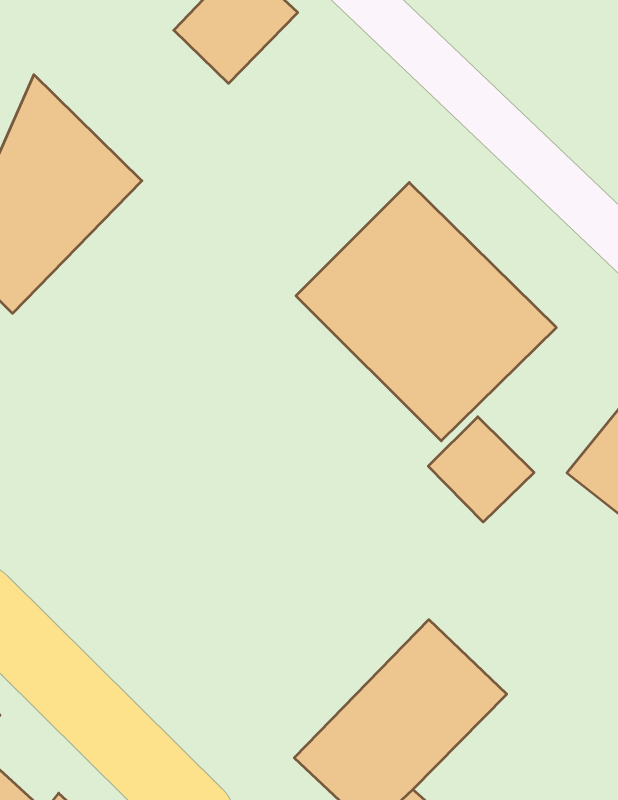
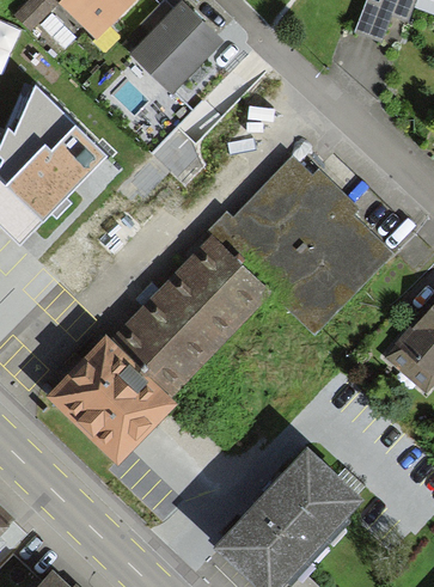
building: none -> [112,245,255,392]
building: [428,417,534,522] -> none
building: none -> [49,344,161,457]

